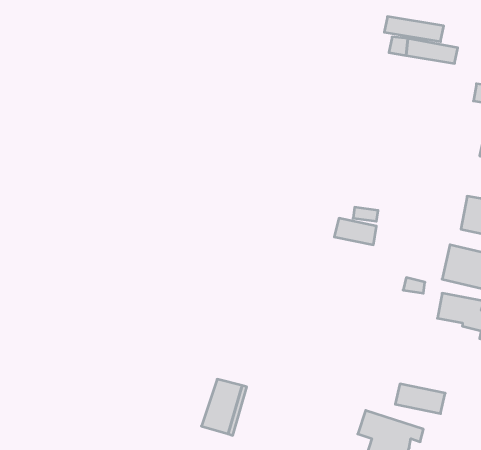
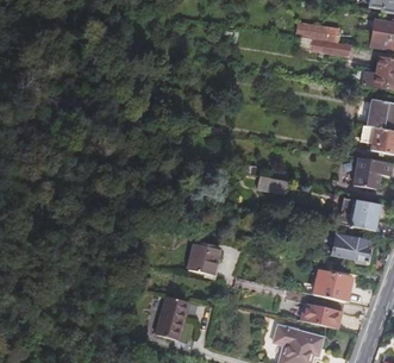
building: none -> [185,237,217,270]
building: none -> [318,268,352,300]

